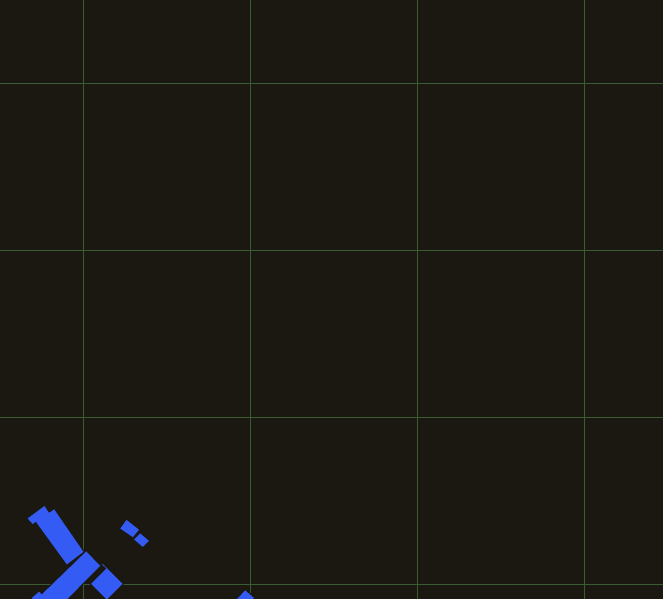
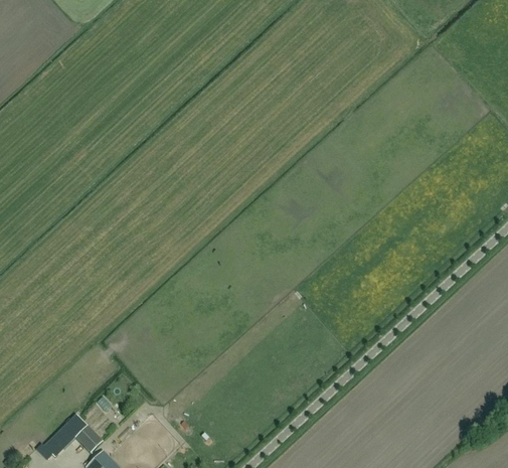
building: [27,505,85,565] -> none

